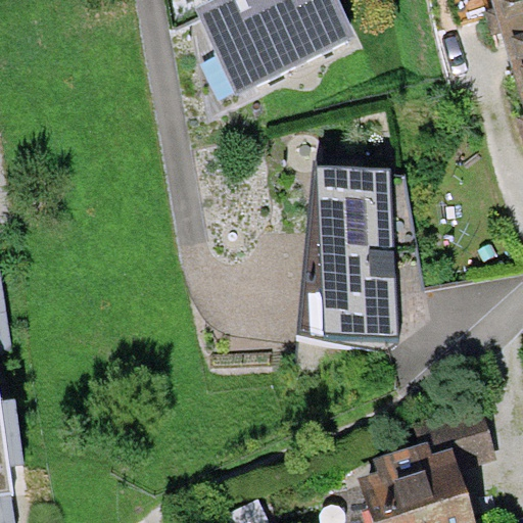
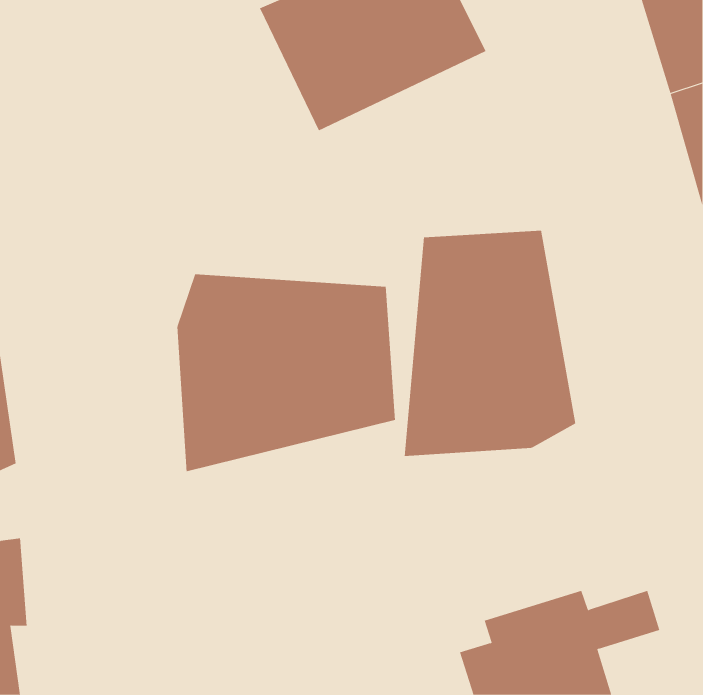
building: none -> [177,273,396,472]

